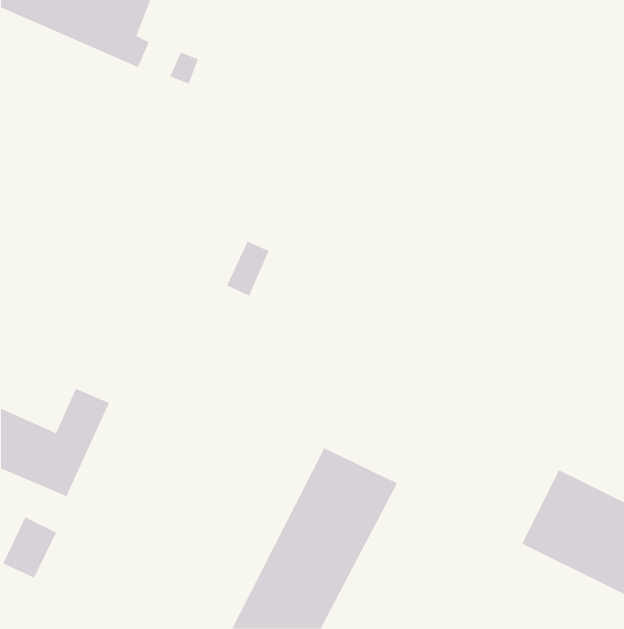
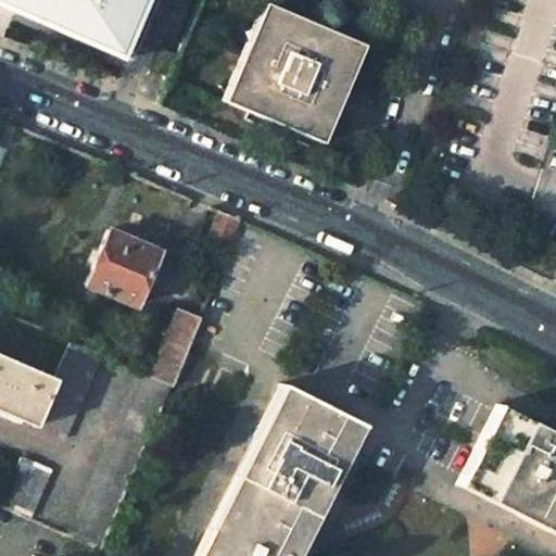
building: none -> [230,5,357,139]
building: none -> [86,229,161,306]
building: none -> [151,309,201,384]

